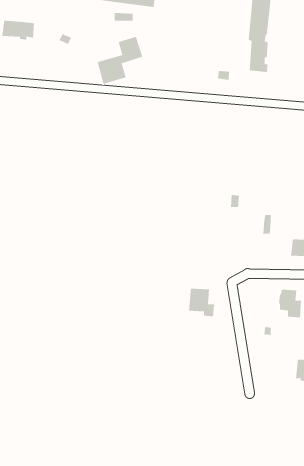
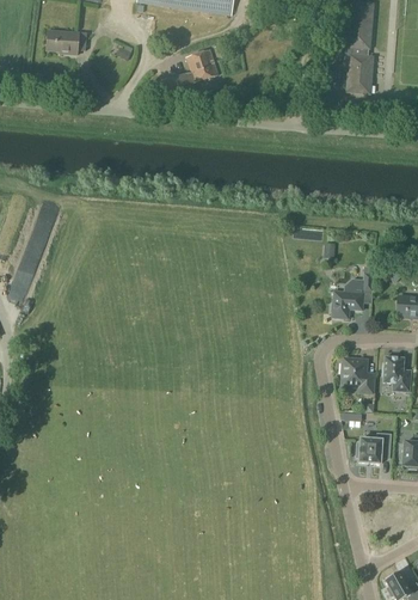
building: none -> [331,290,364,318]
building: [188,288,215,317] -> [342,357,374,392]
building: none -> [357,433,391,463]

